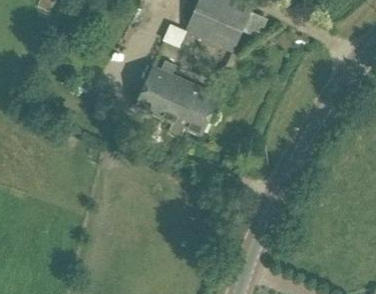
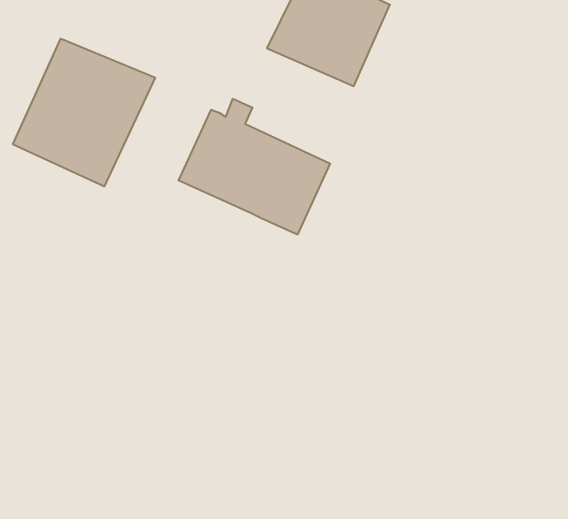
building: none -> [13,39,155,187]

